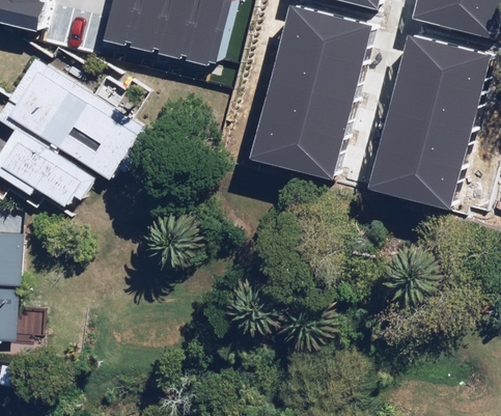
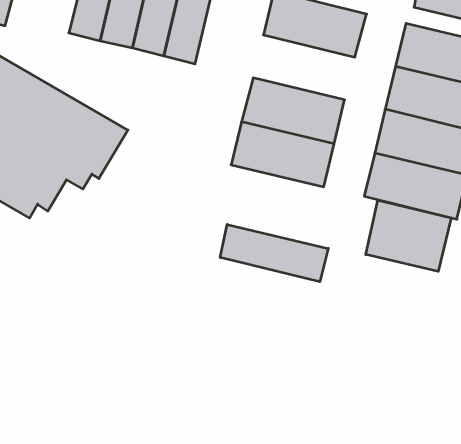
building: [268,44,359,102] -> none
building: none -> [366,200,451,271]
building: none -> [220,224,328,282]

